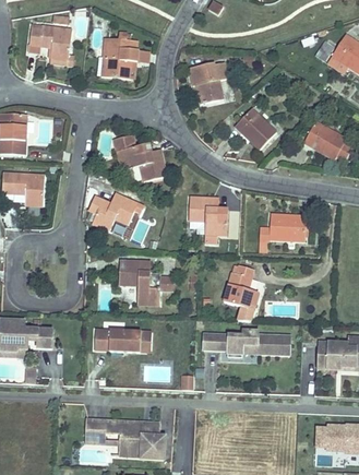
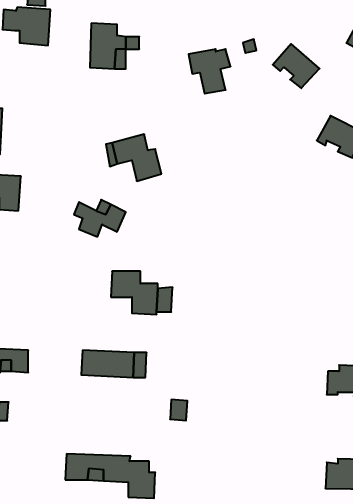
building: [234,111,275,151] -> [273,44,320,88]
building: [190,198,229,235] -> none
building: [260,214,306,241] -> none
building: [220,262,258,317] -> none
building: [204,331,292,358] -> none

